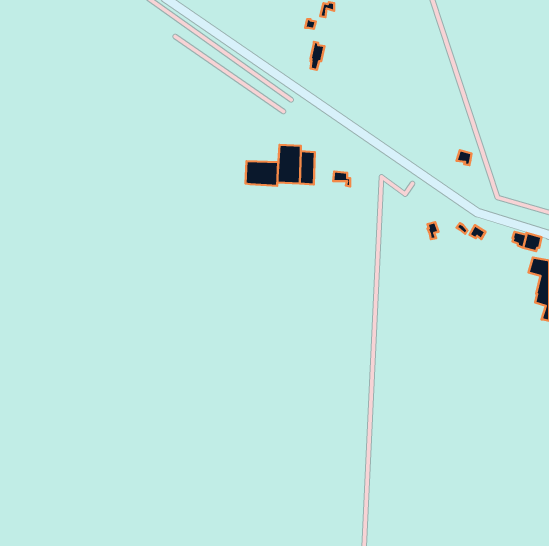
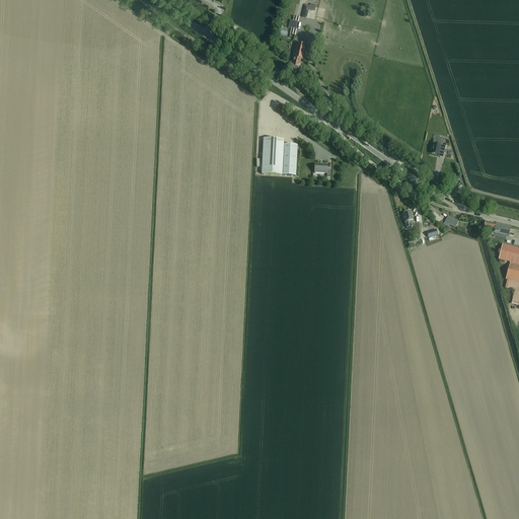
building: [246,161,278,186] -> none

